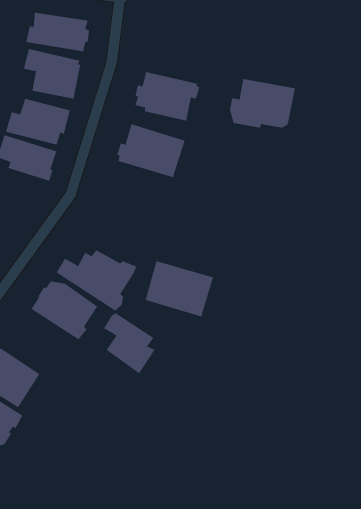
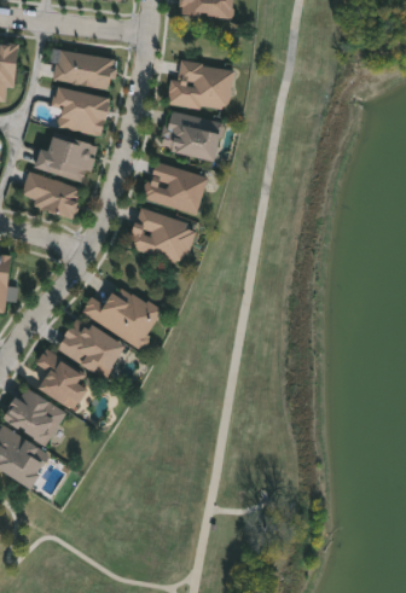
building: [229,78,296,128] -> [168,59,234,109]
building: [145,260,214,317] -> [128,208,197,264]
building: [103,312,155,374] -> [35,348,87,409]

